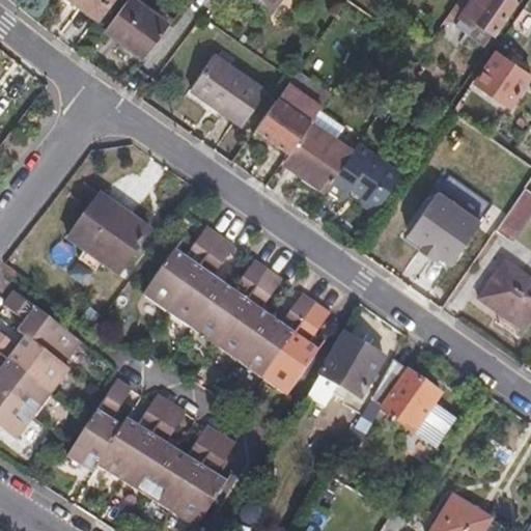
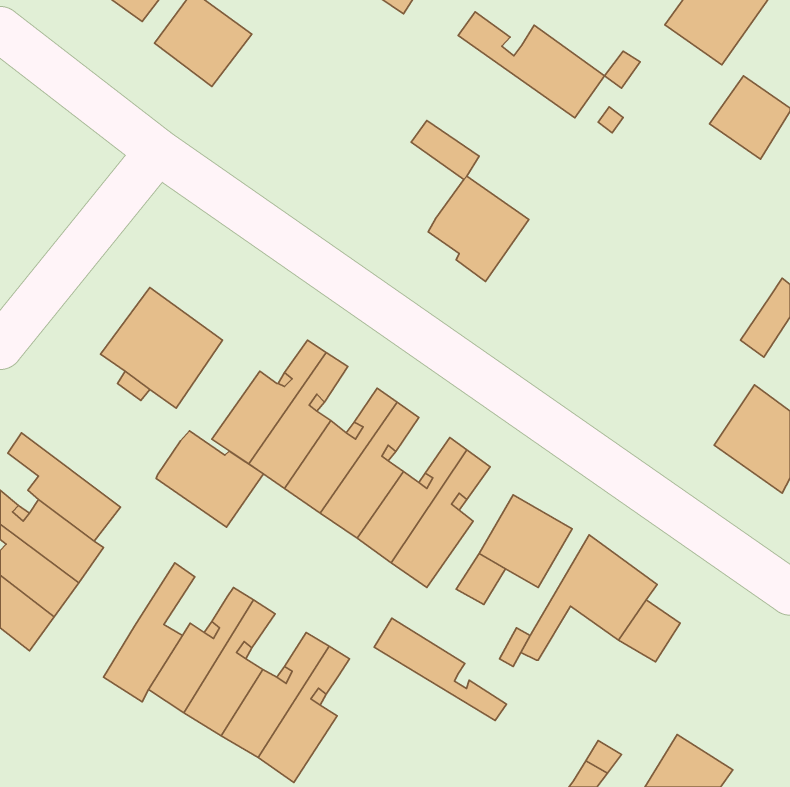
building: none -> [458,12,604,118]
building: [189,54,266,124] -> none
building: [258,95,311,146] -> none
building: [326,142,402,213] -> none
building: [404,186,488,270] -> none
building: none -> [156,431,263,527]
building: none -> [374,618,506,721]

